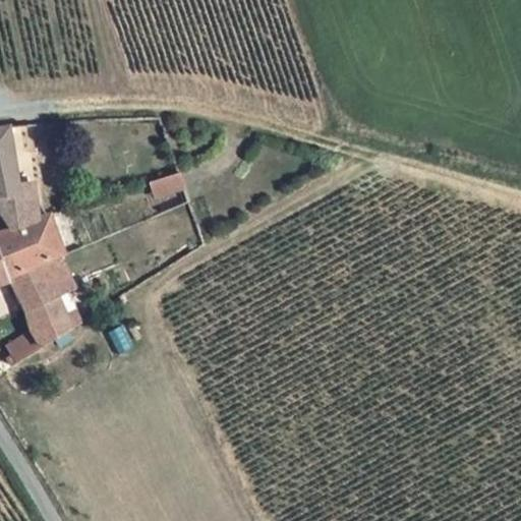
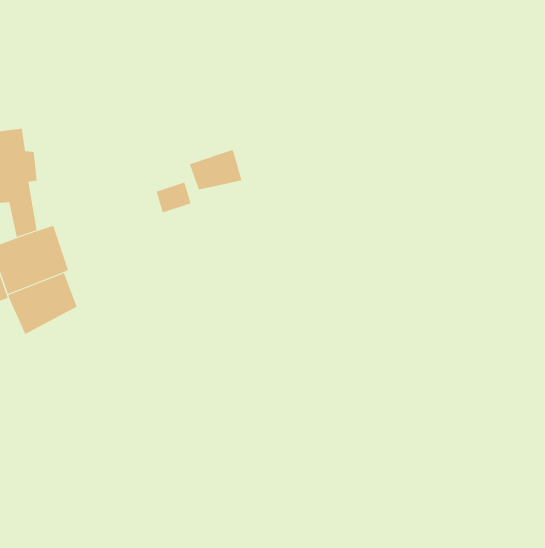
building: none -> [189,149,242,190]
building: [5,299,71,363] -> none

